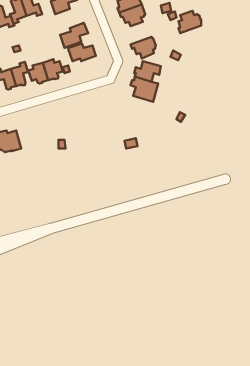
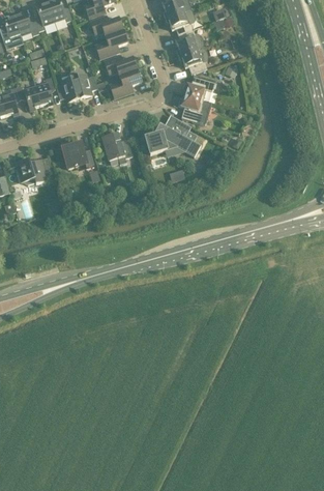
building: none -> [89,13,122,35]
building: [179,11,201,33] -> [176,28,203,55]
building: none -> [113,68,141,96]
building: none -> [145,118,201,155]
building: none -> [102,132,132,163]
building: none -> [62,142,93,170]

